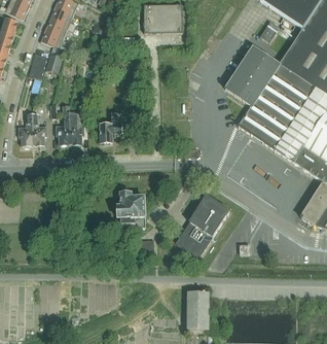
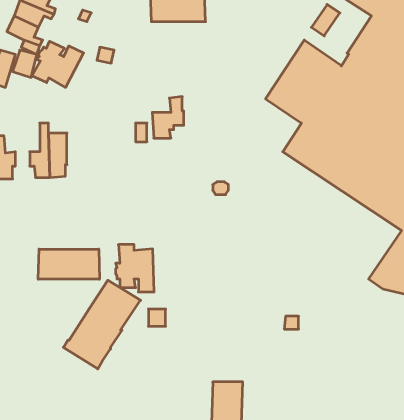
building: none -> [32,41,84,87]
building: [100,111,122,141] -> [152,97,184,138]
building: [175,194,230,257] -> [63,280,141,369]
building: none -> [38,249,99,279]

